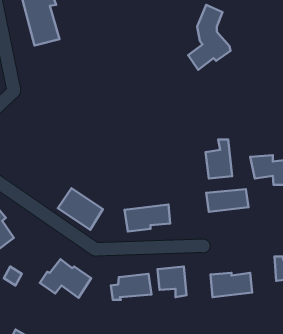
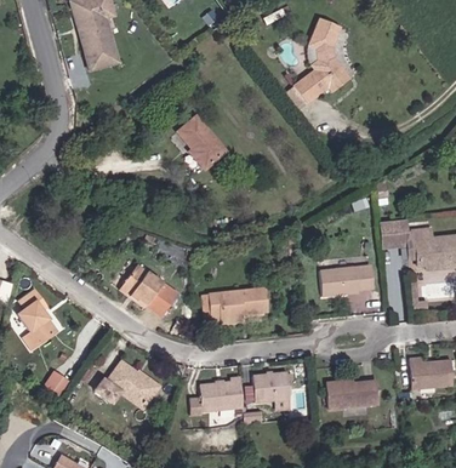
building: none -> [175,114,229,171]
building: [206,140,232,178] -> none

